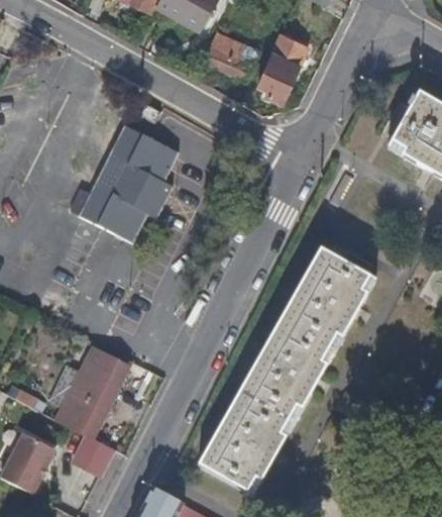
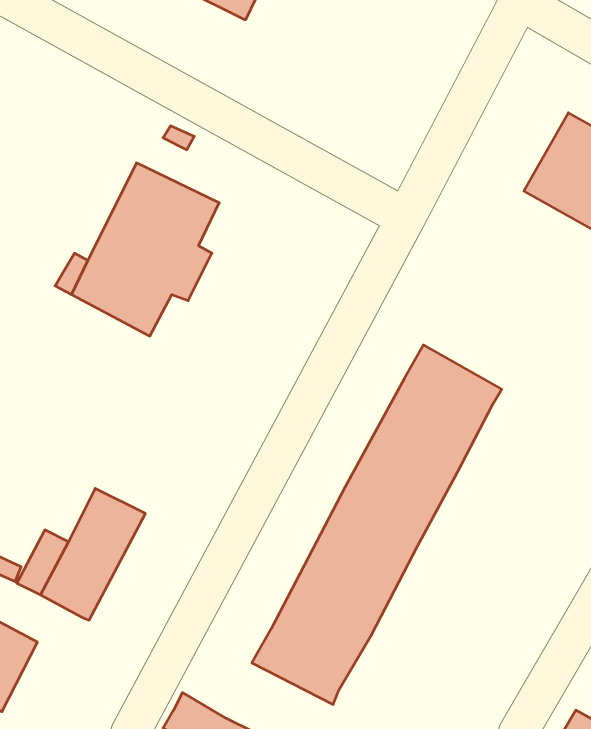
building: [203,30,257,79] -> none
building: [257,35,308,103] -> none
building: [73,435,115,479] -> none

